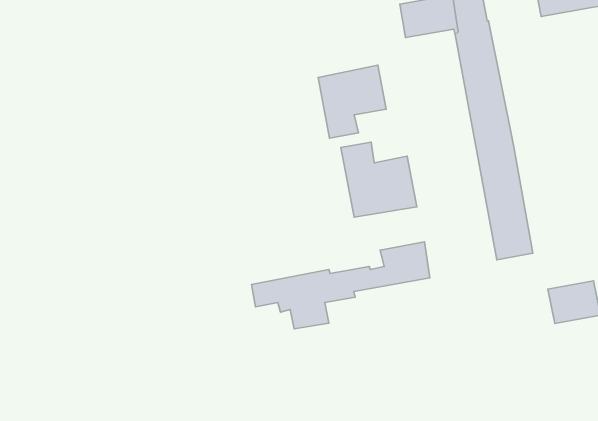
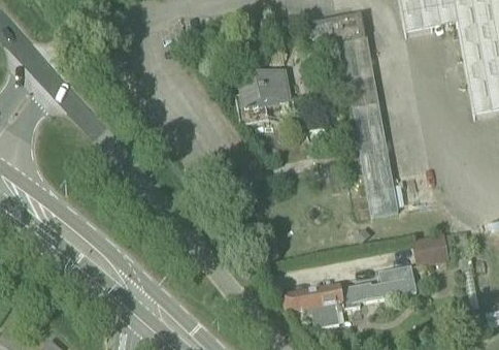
building: [341,142,417,217] -> none
building: [251,242,430,329] -> [282,262,415,327]

